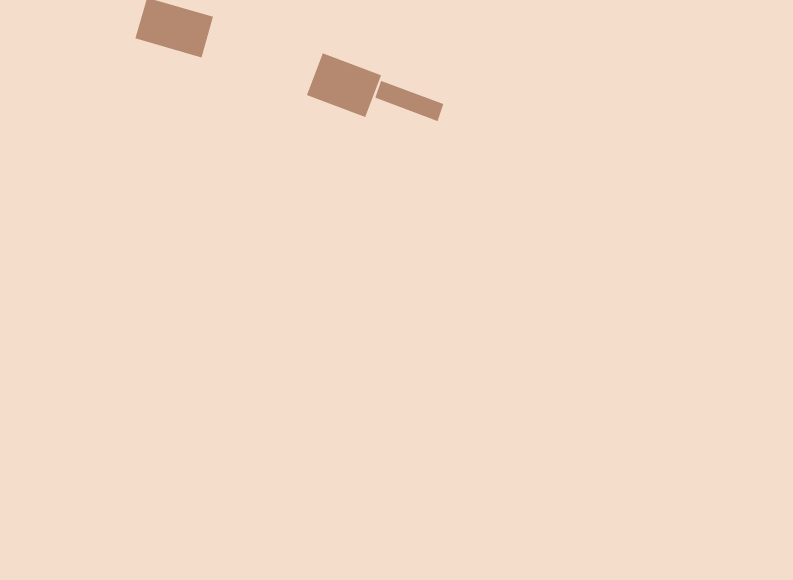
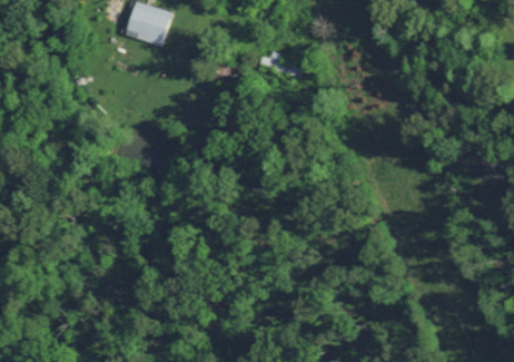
building: [306,52,382,118] -> none

